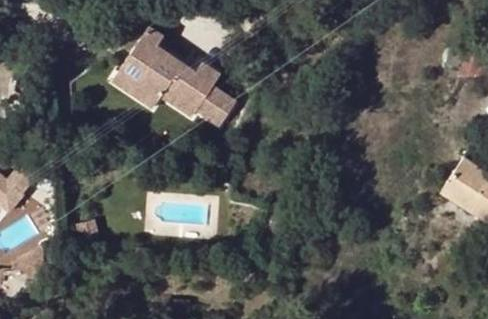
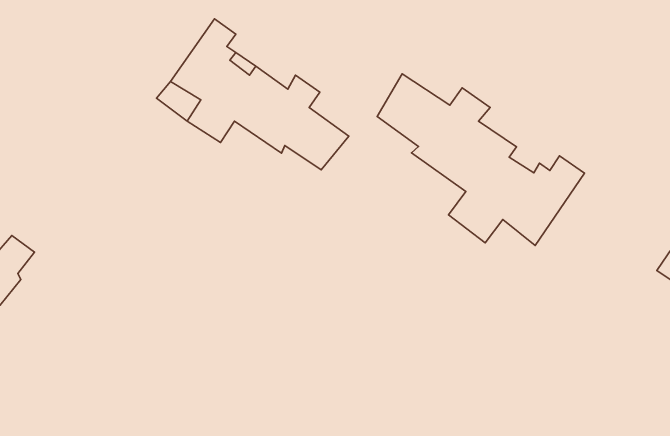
building: none -> [377,74,585,245]

